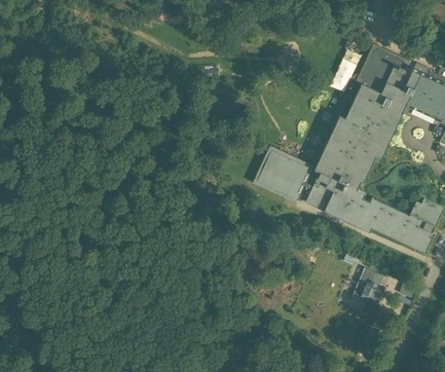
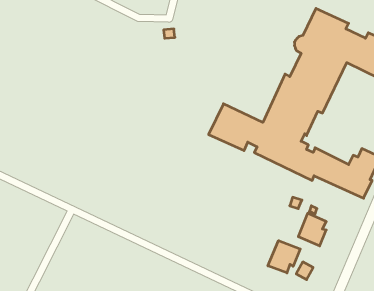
building: none -> [268,241,300,273]

